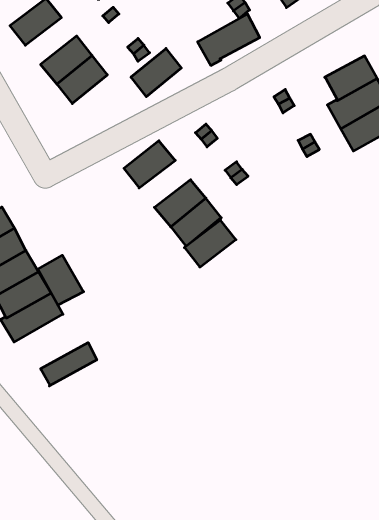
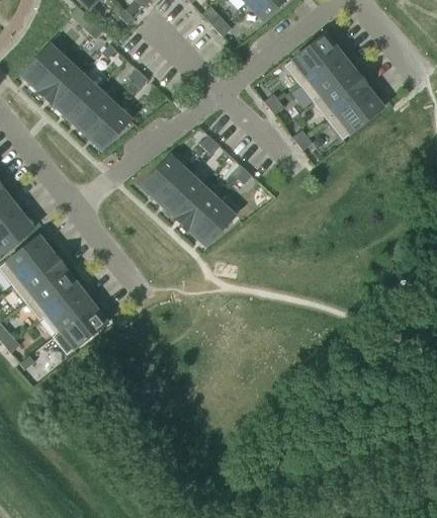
building: [198,14,260,65] -> [285,32,340,83]
building: none -> [37,59,82,103]
building: [131,48,181,97] -> [87,103,130,149]
building: [184,220,236,267] -> [158,170,202,214]
building: [38,255,84,305] -> none
building: [41,343,97,386] -> none

